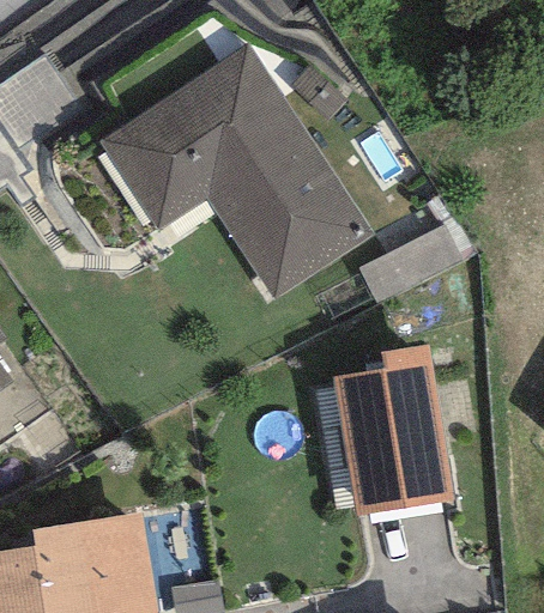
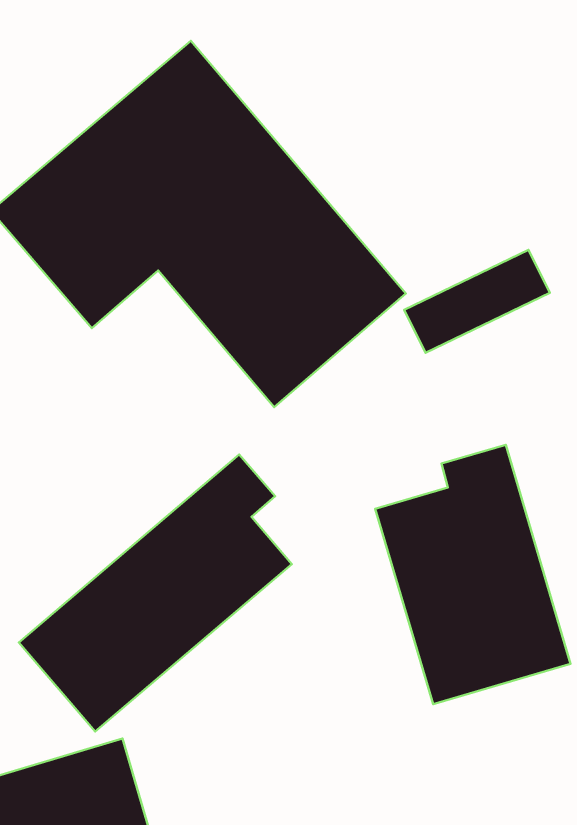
building: none -> [19,454,292,732]

